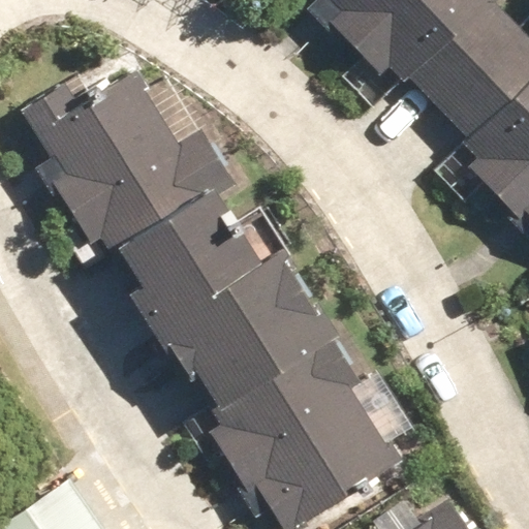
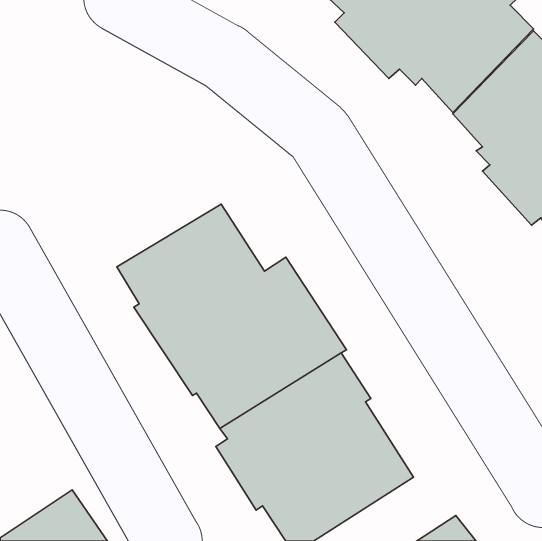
building: [18,70,234,259] -> none

